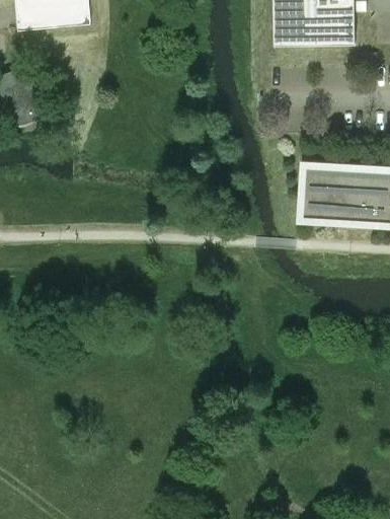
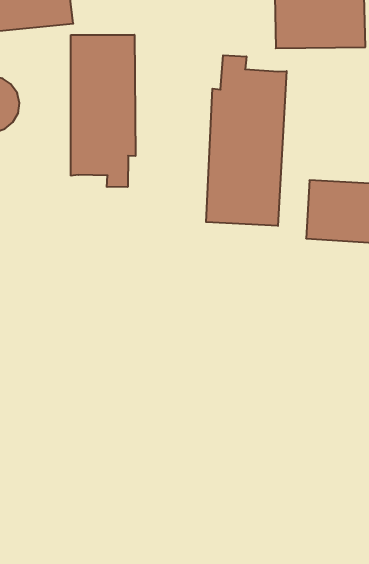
building: none -> [71,35,135,187]
building: none -> [206,55,287,226]

